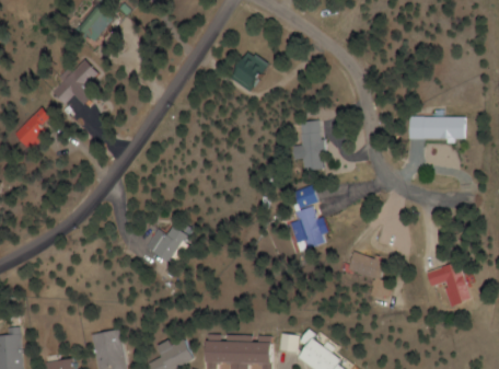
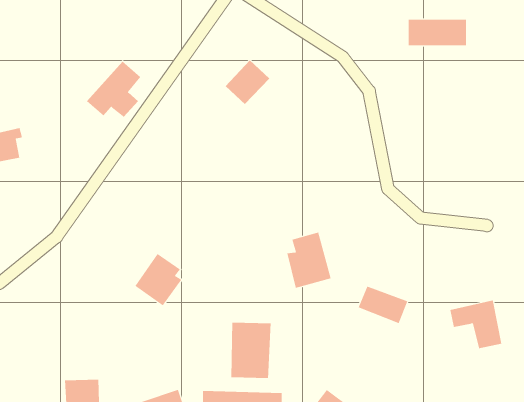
building: [53,58,101,107] -> [86,61,141,117]
building: [410,116,462,139] -> [408,19,467,46]
building: [297,122,321,171] -> none
building: none -> [231,322,271,379]

